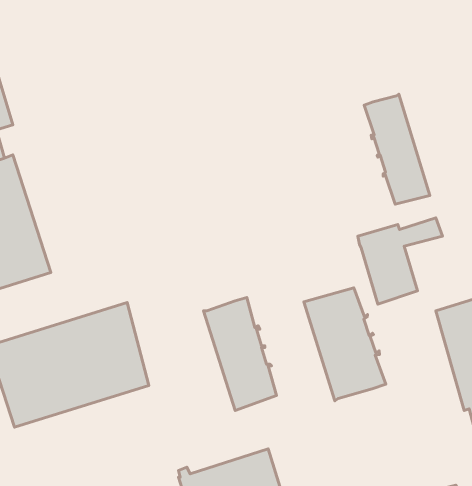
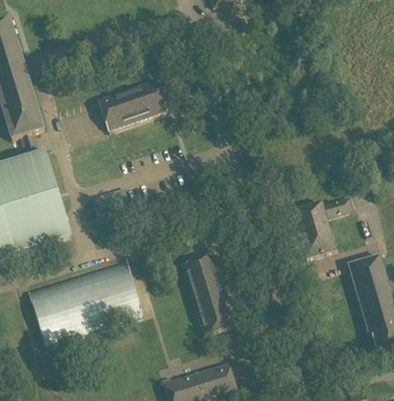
building: none -> [98,79,167,130]
building: [364,94,430,204] -> none
building: [304,288,386,401] -> none

